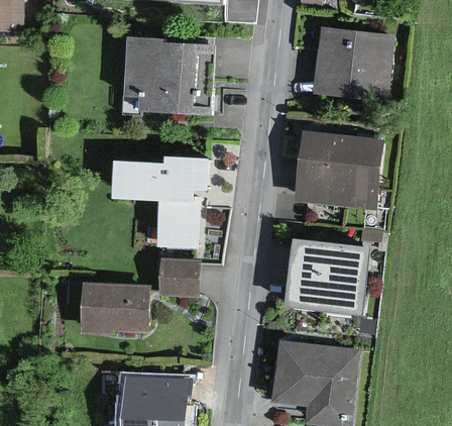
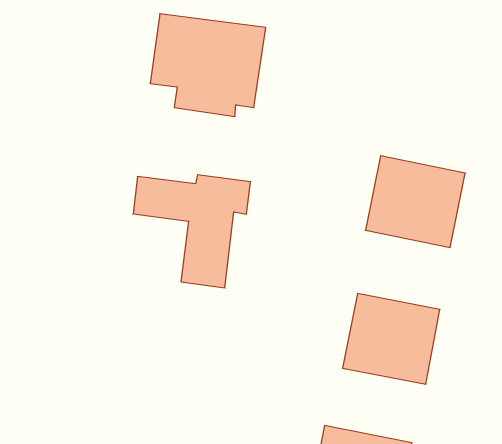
building: [316,30,384,95] -> none
building: [161,261,193,294] -> none
building: [83,289,143,333] -> none

